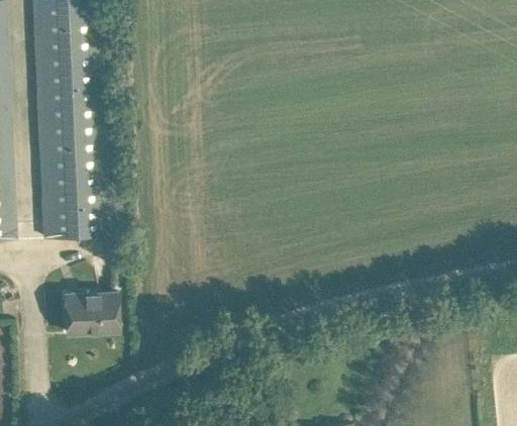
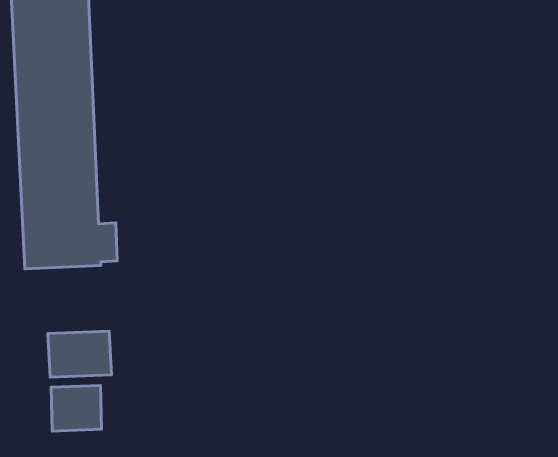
building: none -> [51,385,102,431]

